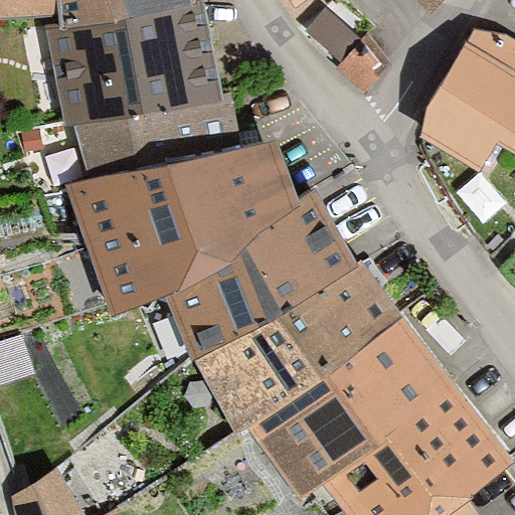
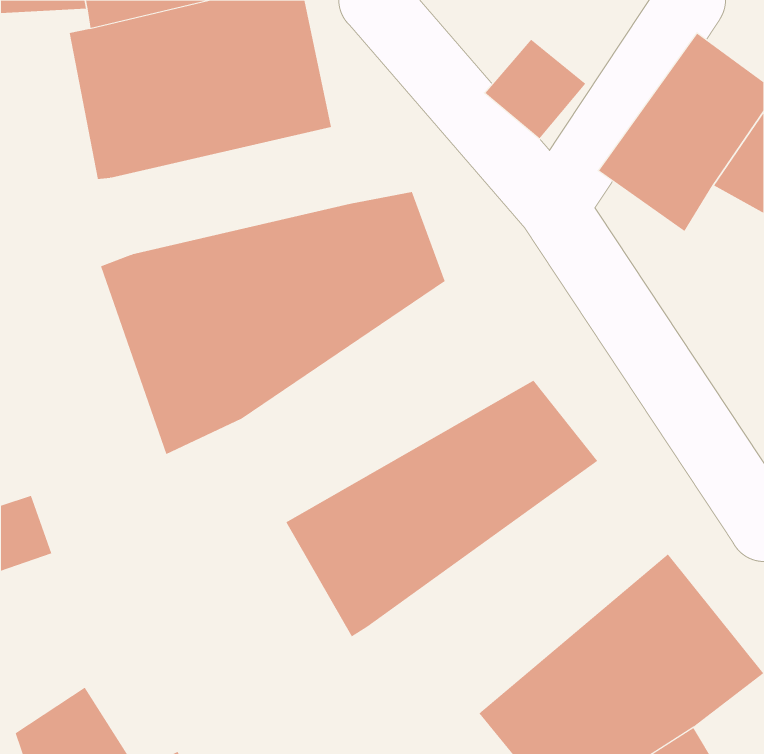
building: [74,92,235,178] -> none
building: [163,187,359,358] -> none
building: [247,317,450,502] -> none

